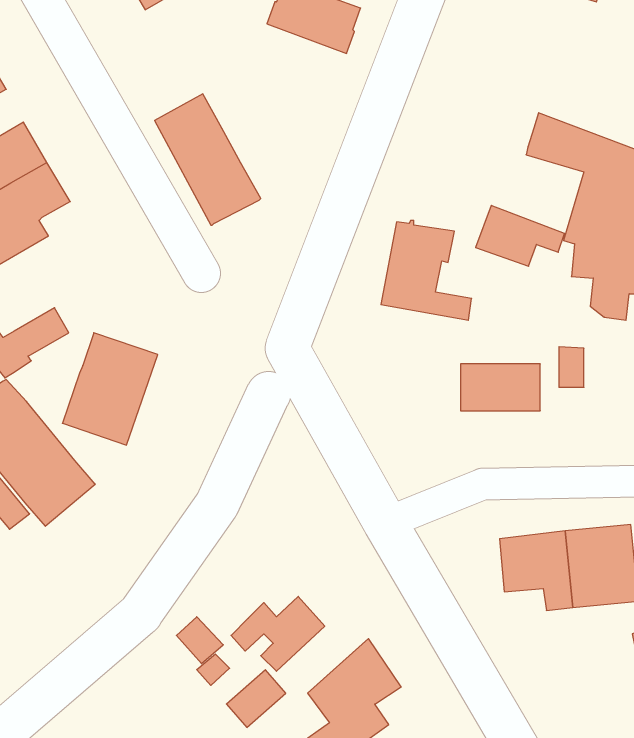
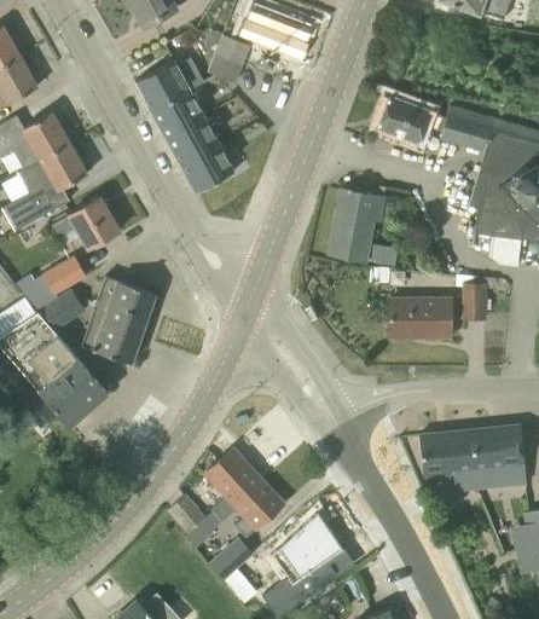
building: none -> [208,35,249,82]
building: none -> [135,58,204,111]
building: [476,205,565,266] -> [377,96,446,143]
building: none -> [51,197,120,248]
building: none -> [42,289,82,326]
building: none -> [204,447,263,497]

